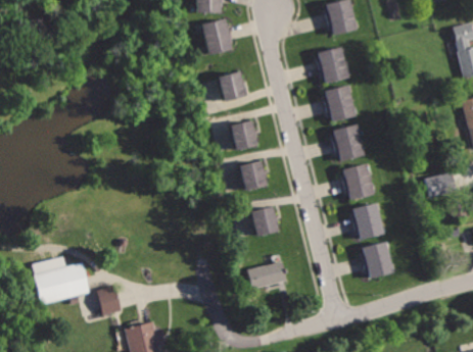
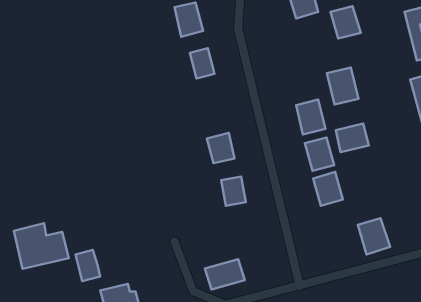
building: [315,47,347,82] -> [331,6,361,39]
building: [322,85,356,124] -> [327,67,358,105]
building: [230,119,257,150] -> none
building: [421,169,457,200] -> [336,124,369,152]
building: [360,240,394,279] -> [358,218,390,254]
building: [243,258,286,291] -> [205,259,245,290]

